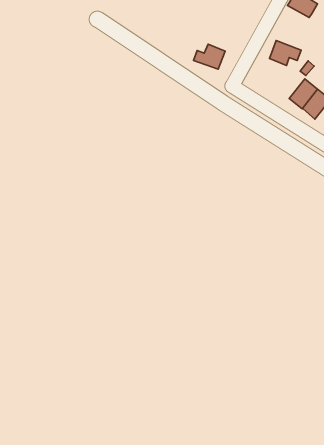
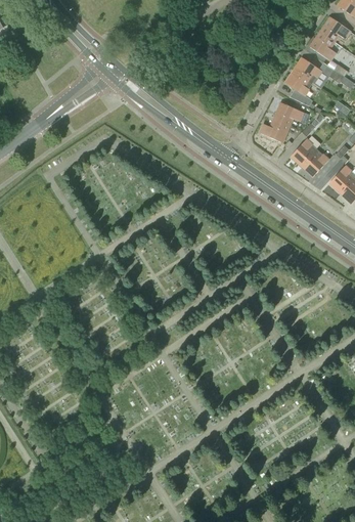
building: none -> [285,70,313,104]
building: [193,44,225,69] -> [260,118,290,141]

